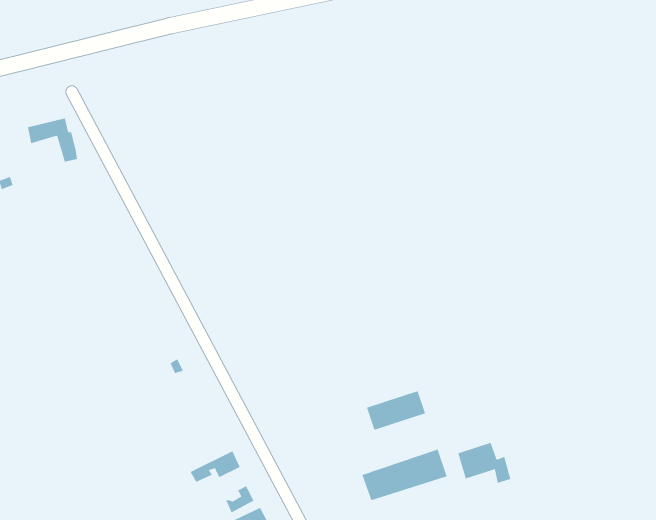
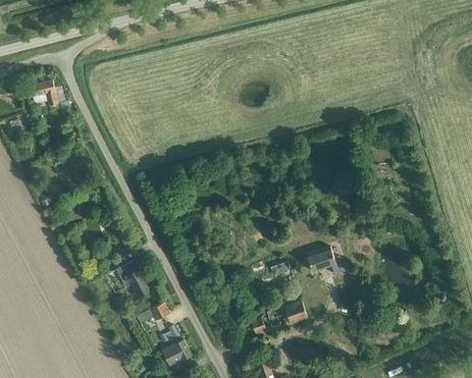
building: none -> [115,259,152,296]
building: [457,442,511,484] -> [308,248,344,275]

